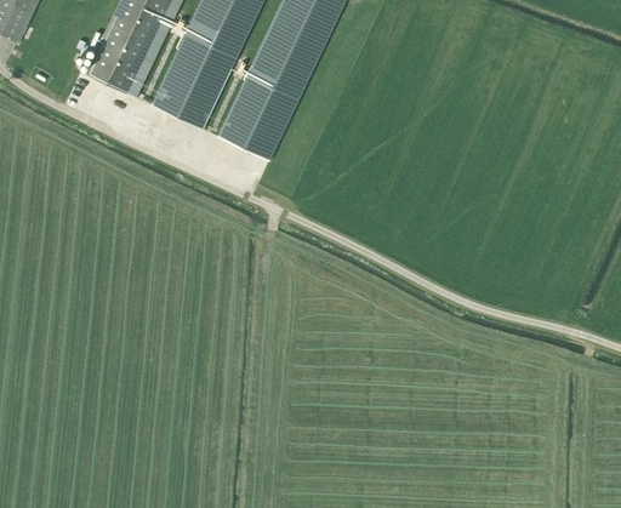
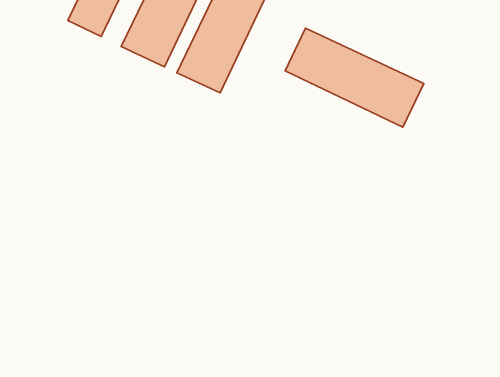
building: none -> [285,28,424,127]

